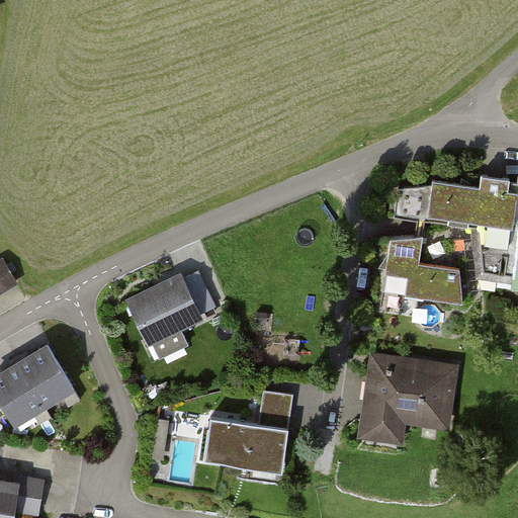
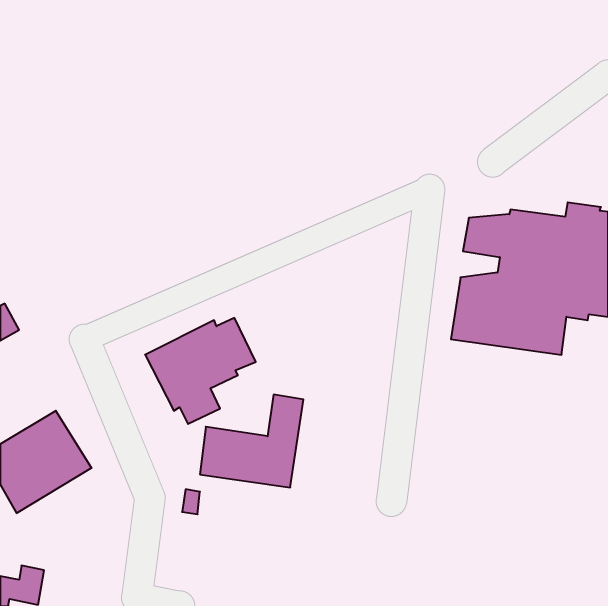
building: [357,353,455,443] -> none
building: [203,393,291,471] -> [200,395,303,487]

